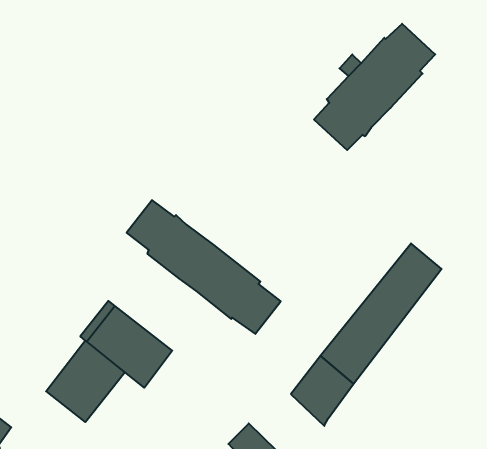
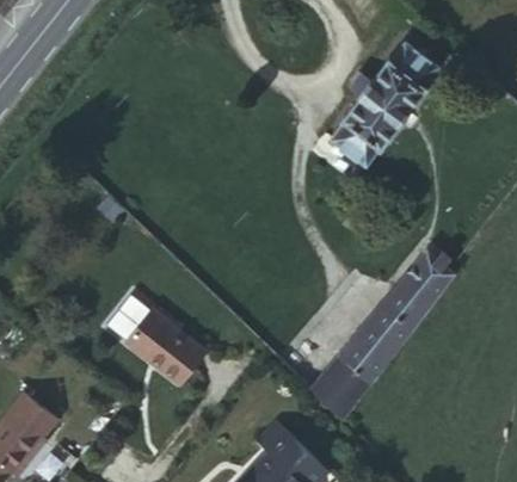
building: [127,200,281,334] -> none
building: [46,340,125,422] -> none

